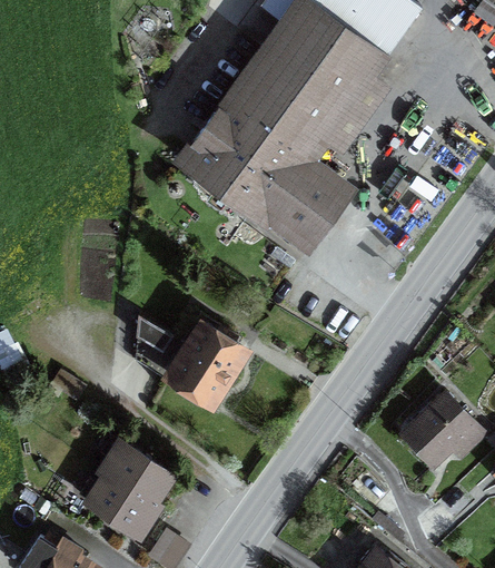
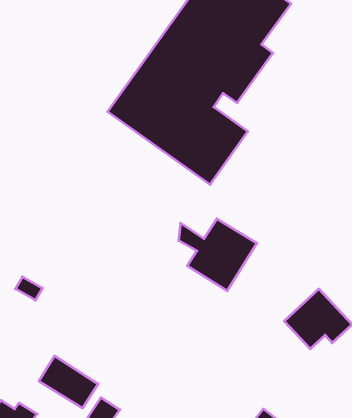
building: [150,320,250,412] -> [179,219,257,291]
building: [100,440,179,509] -> none

